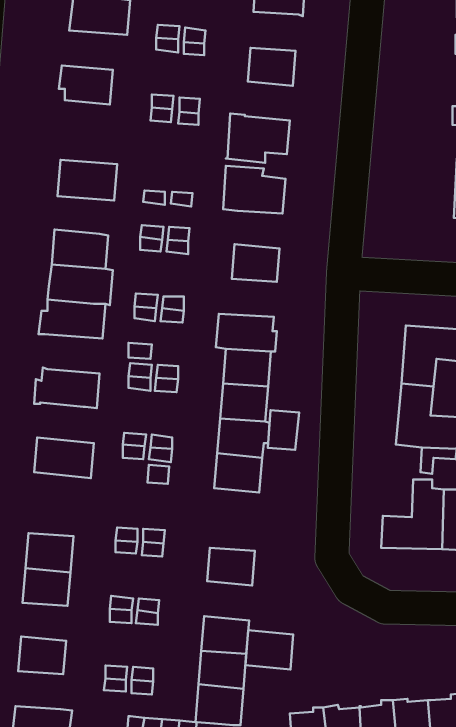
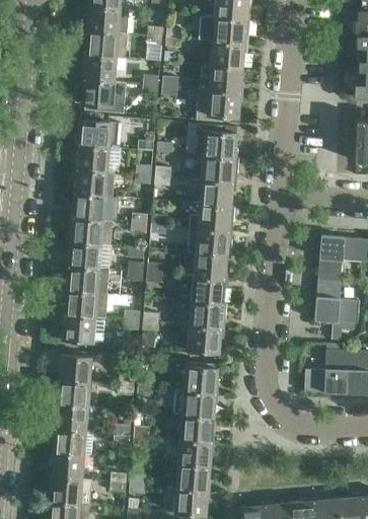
building: none -> [213,17,246,45]
building: none -> [81,30,127,59]
building: none -> [209,66,242,93]
building: none -> [75,79,127,114]
building: none -> [76,146,118,173]
building: none -> [202,156,235,182]
building: none -> [191,204,234,230]
building: none -> [68,242,109,270]
building: none -> [64,290,105,318]
building: [268,410,299,450] -> none
building: none -> [58,355,91,383]
building: none -> [185,362,218,393]
building: none -> [53,430,93,457]
building: [245,630,293,669] -> [180,415,214,442]
building: none -> [49,477,90,505]

